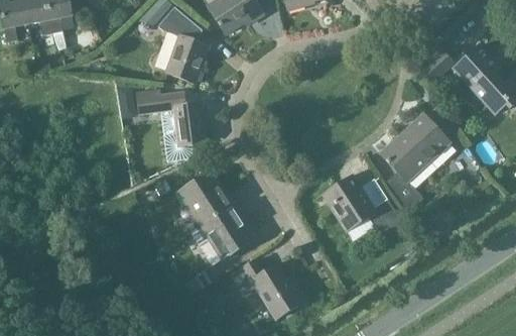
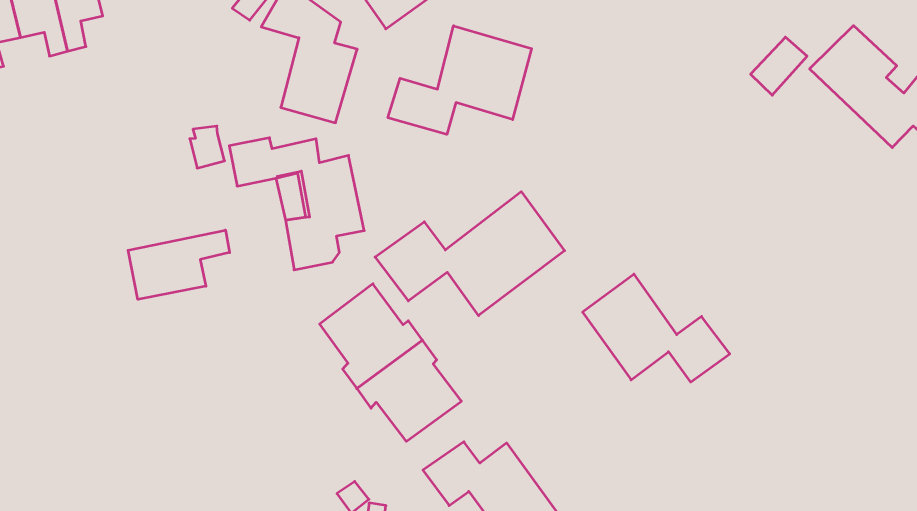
building: none -> [388,26,532,134]
building: [380,114,449,211] -> none
building: none -> [375,192,565,316]
building: none -> [128,230,230,299]

